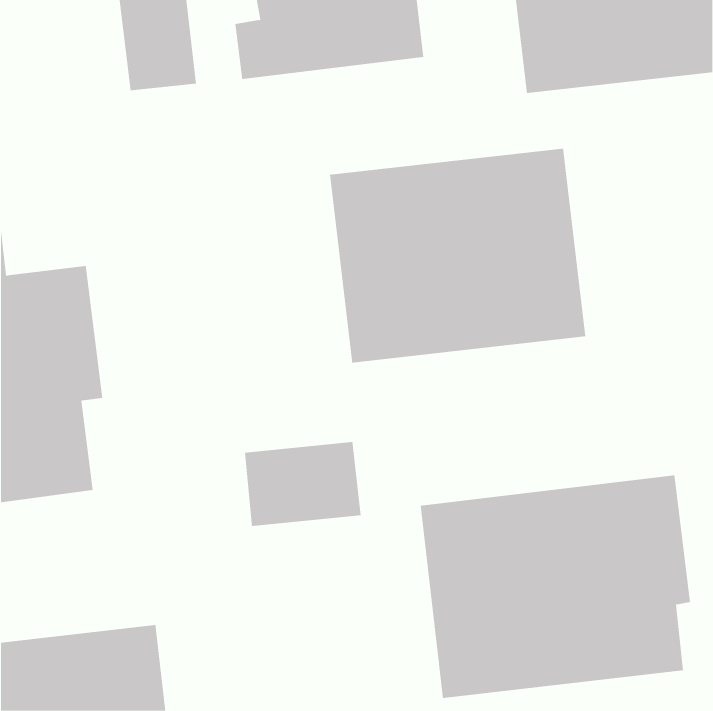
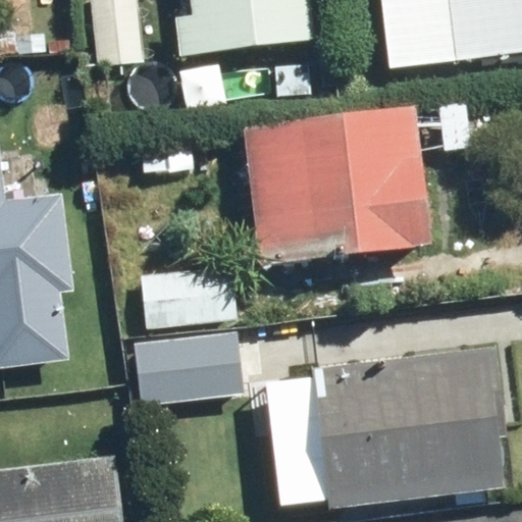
building: none -> [140,263,261,331]

